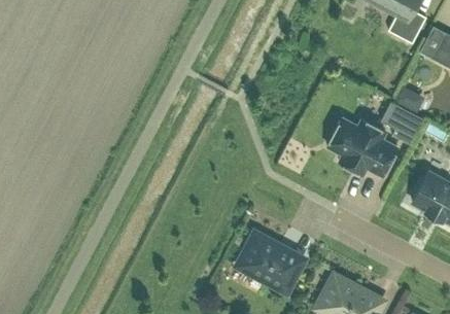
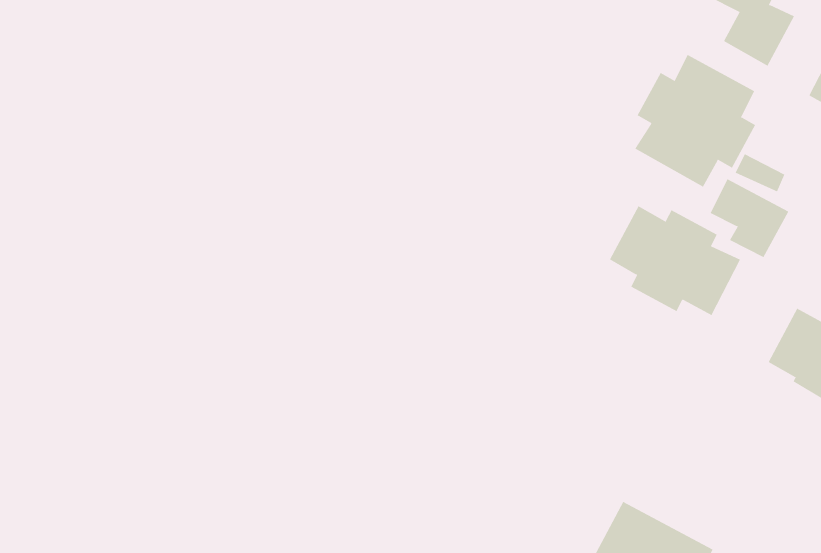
building: none -> [634,54,756,187]
building: [238,232,304,290] -> none

